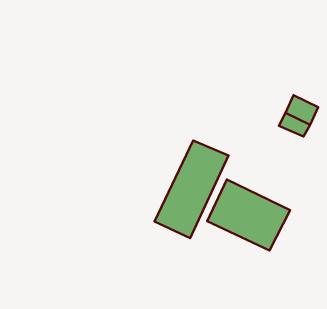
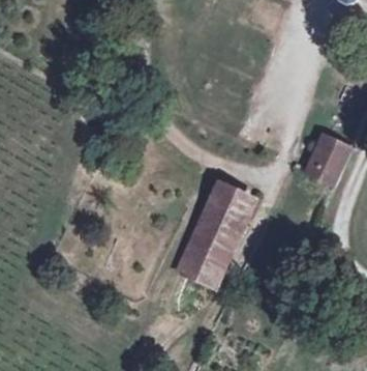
building: [207,179,290,251] -> none

